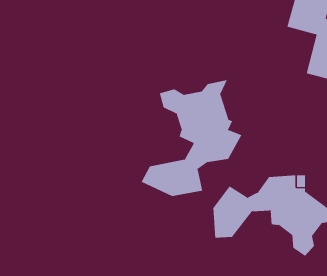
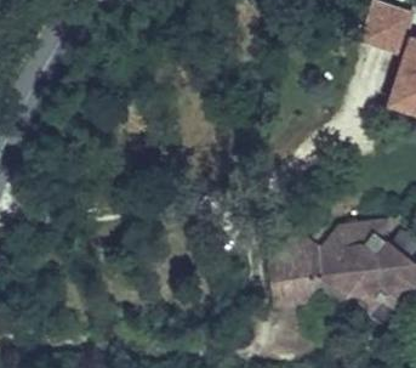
building: [141,79,242,197] -> none

